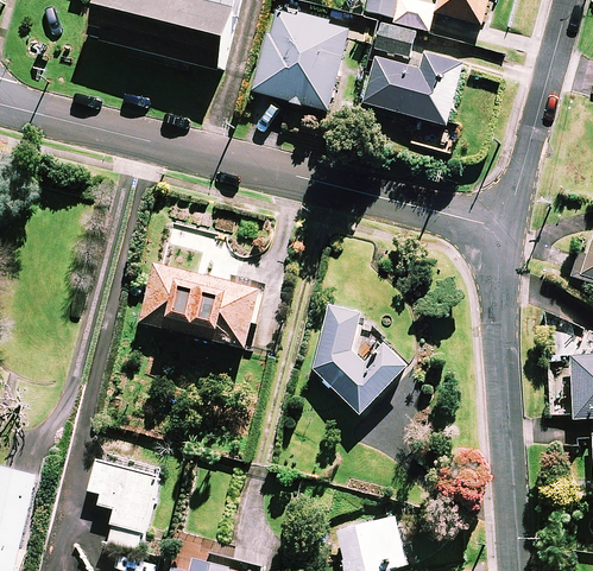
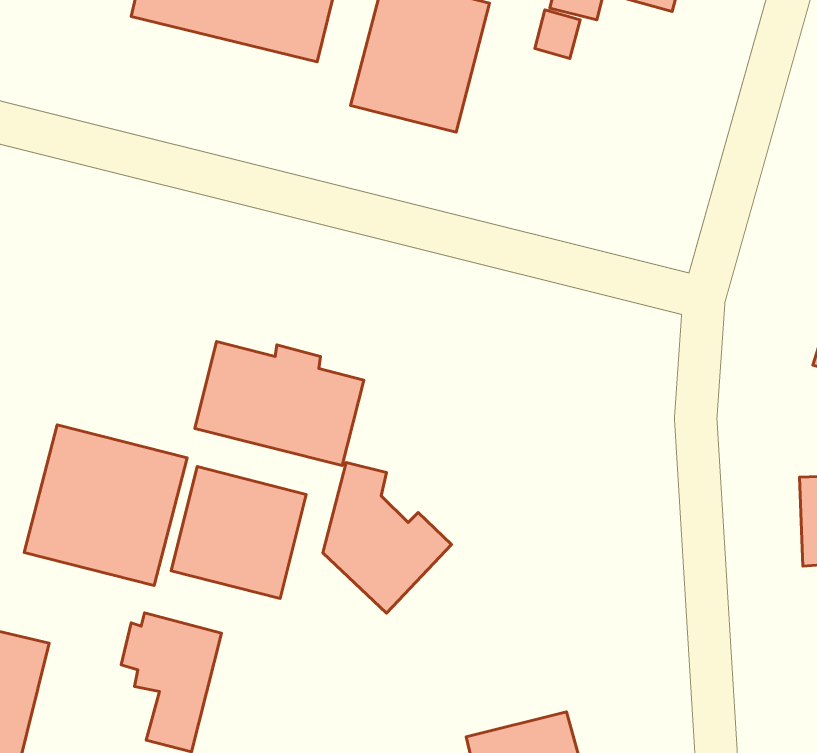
building: [361,46,463,127] -> none
building: [314,306,405,413] -> [323,462,452,613]
building: none -> [24,425,187,585]
building: none -> [171,467,306,598]

